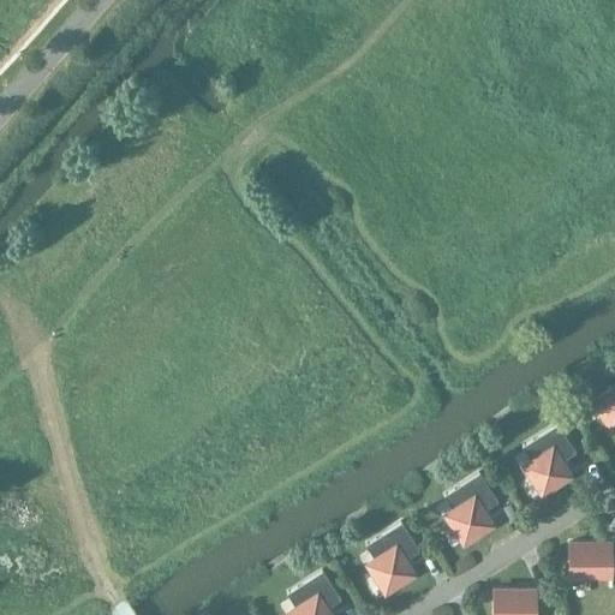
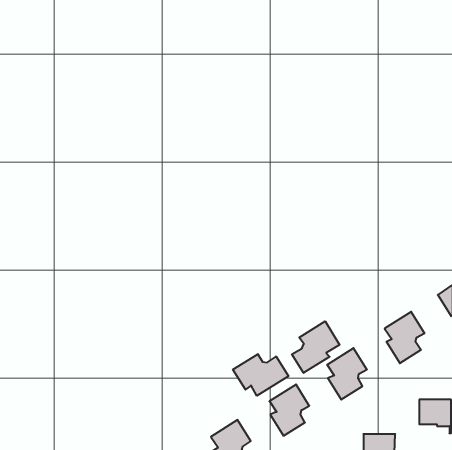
building: none -> [292,321,340,373]
building: none -> [233,354,288,396]

